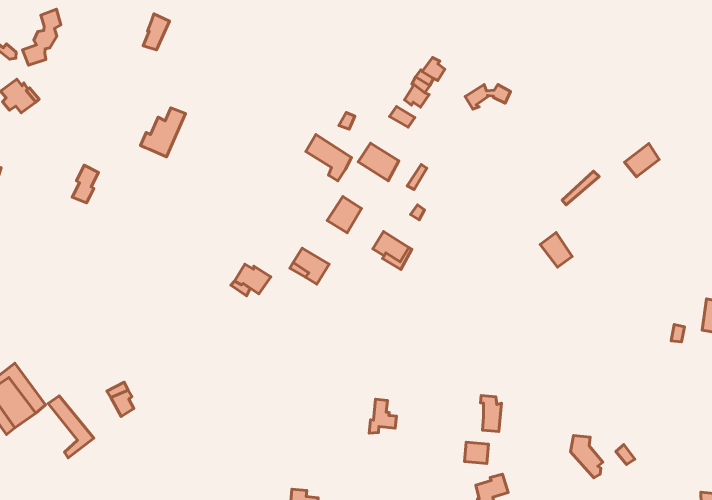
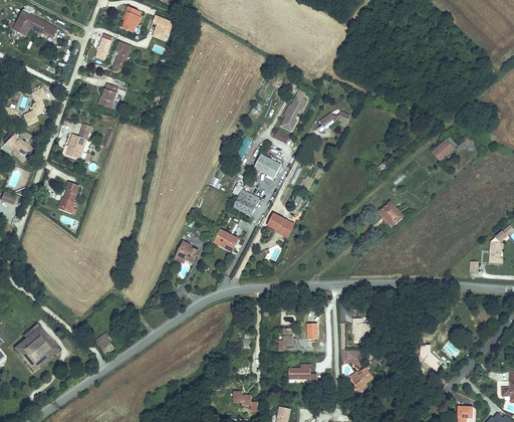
building: [140,108,185,157] -> [62,126,90,159]
building: [306,134,351,181] -> none
building: [48,396,94,458] -> none
building: none -> [285,364,316,383]

